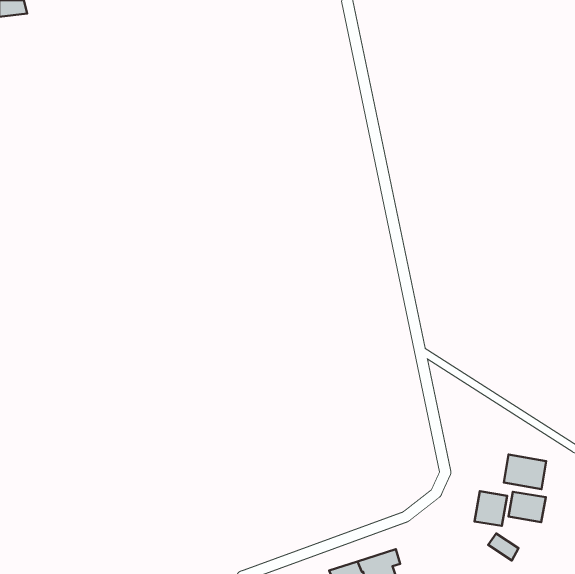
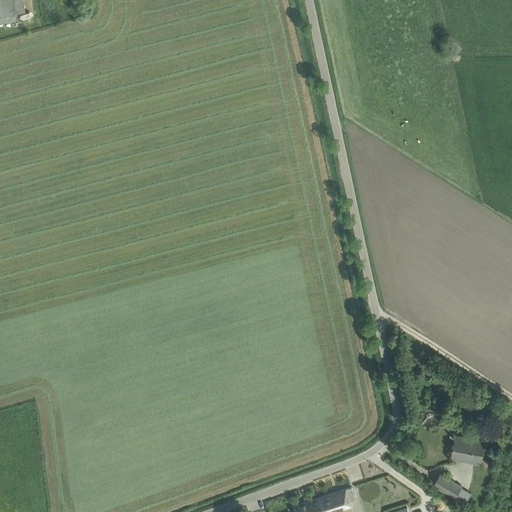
building: [504,455,546,489] -> none
building: [475,491,507,526] -> none

